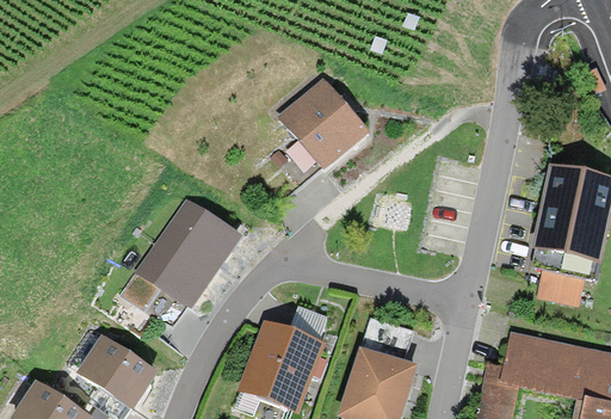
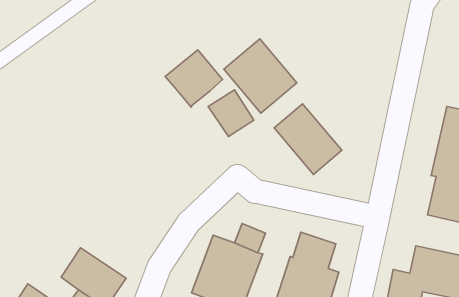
building: none -> [165,50,222,107]
building: none -> [274,104,342,174]
building: [121,196,243,329] -> none

